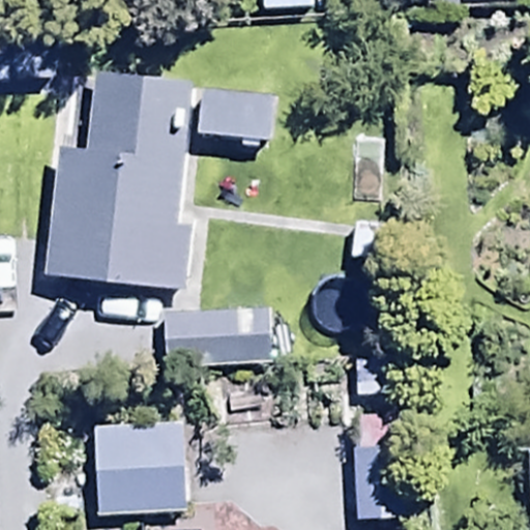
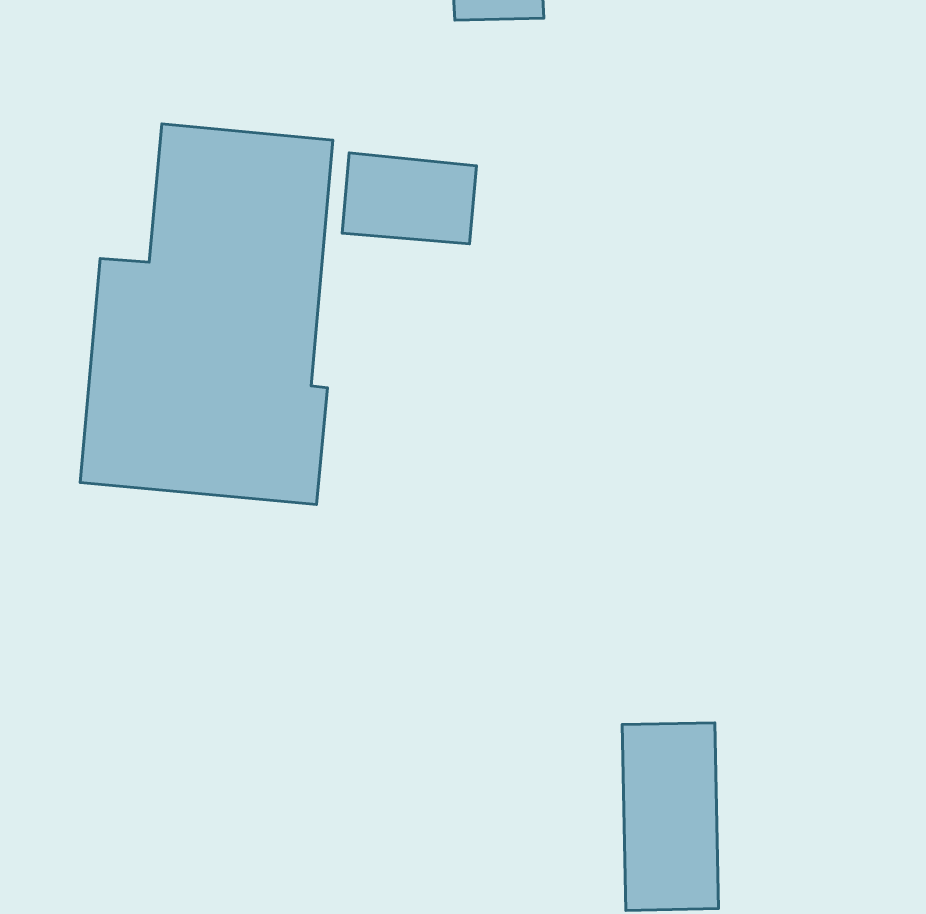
building: [160,300,282,373] -> none
building: [92,429,185,516] -> none

